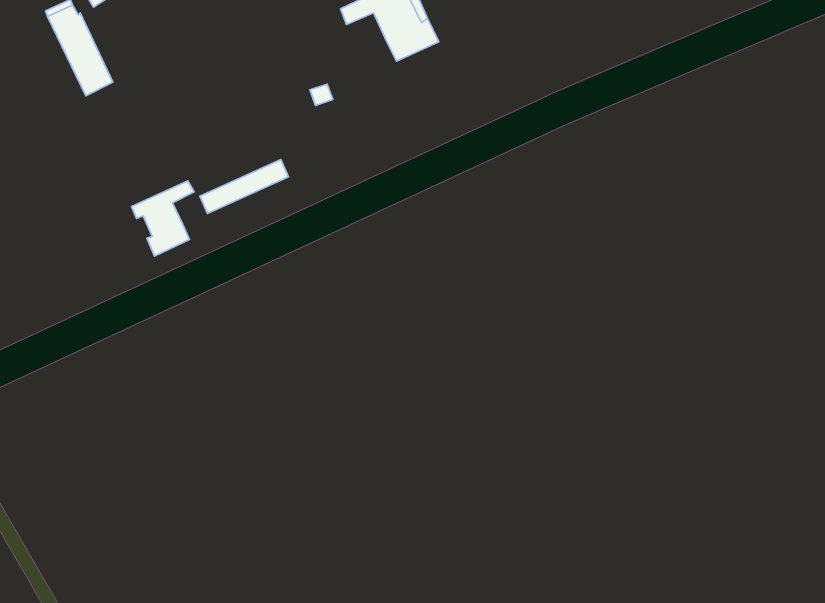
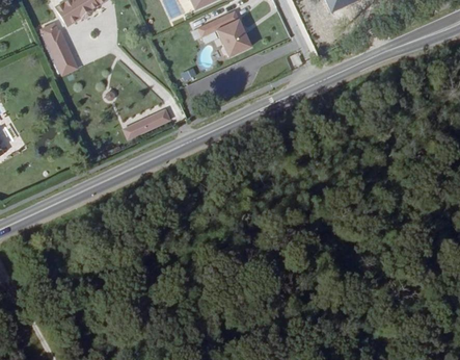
building: [131,181,194,256] -> none

